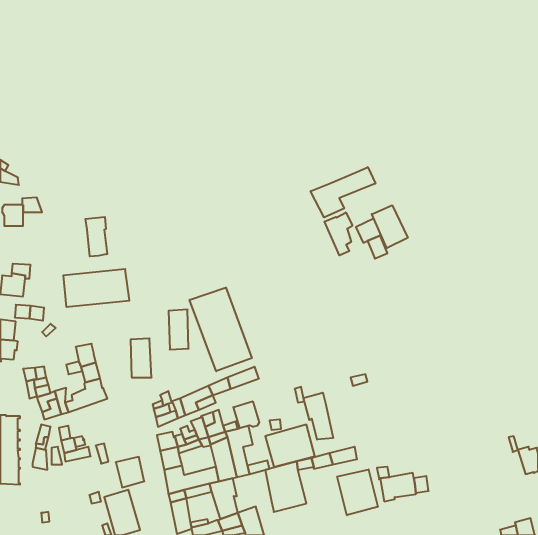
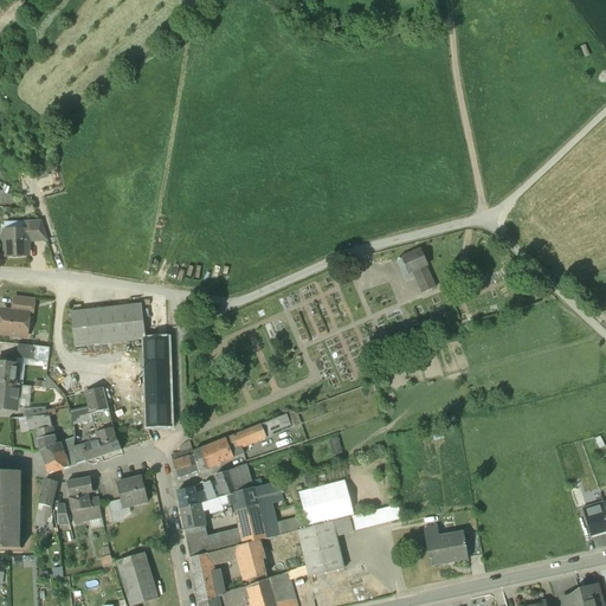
building: [311,167,375,217] -> none
building: [372,205,408,248] -> none
building: [325,212,352,255] -> none
building: [85,217,107,256] -> none
building: [190,288,252,371] -> none
building: [169,310,189,350] -> [146,337,168,382]
building: [304,393,333,440] -> none
building: [233,401,259,428] -> none
building: [116,457,144,487] -> [116,475,148,509]
building: [337,469,378,515] -> none

